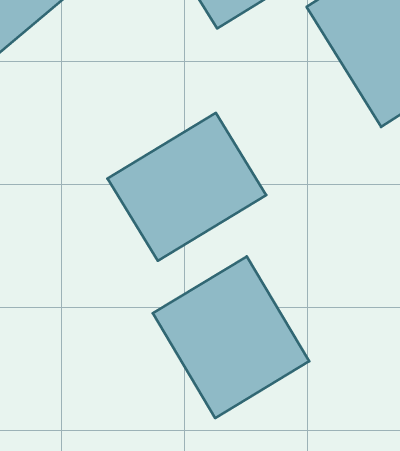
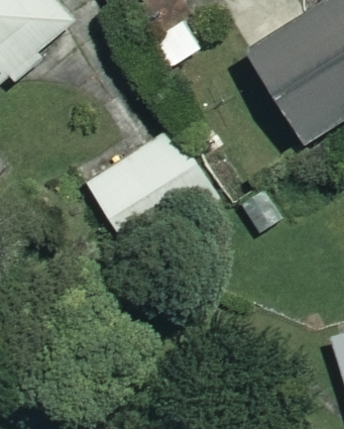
building: [153,256,309,418] -> none

